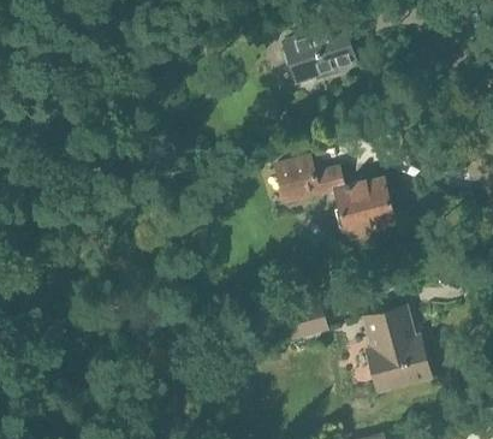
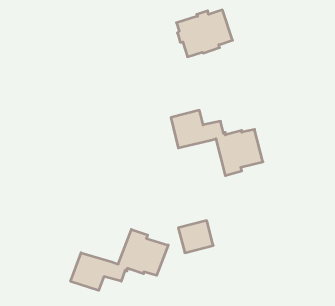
building: [362,305,430,393] -> none
building: none -> [71,229,168,290]

